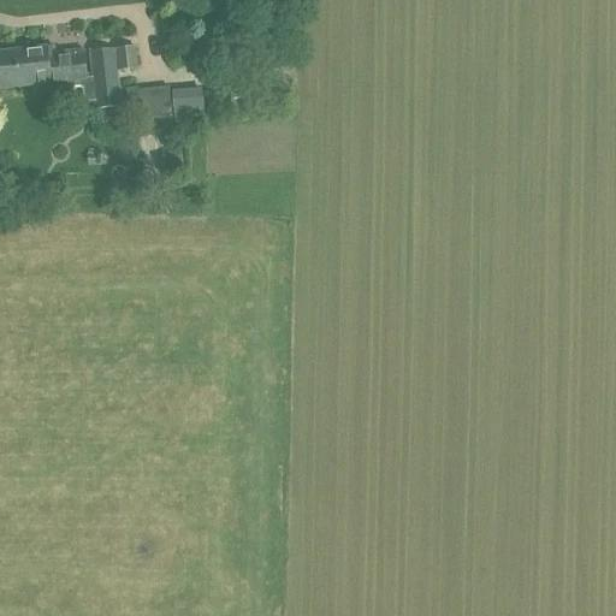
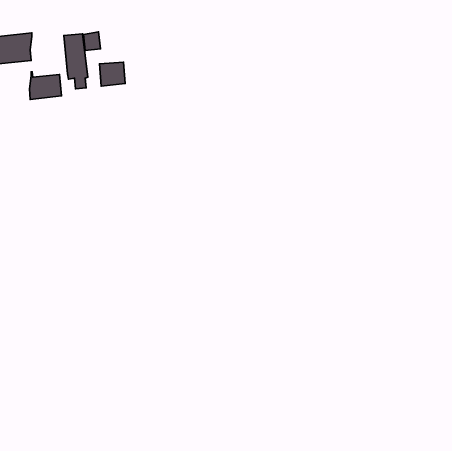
building: [41,45,84,82] -> [29,72,61,99]
building: [170,85,202,119] -> none

